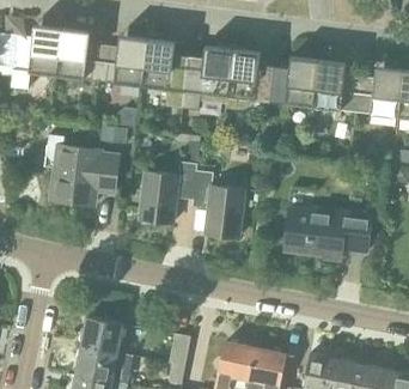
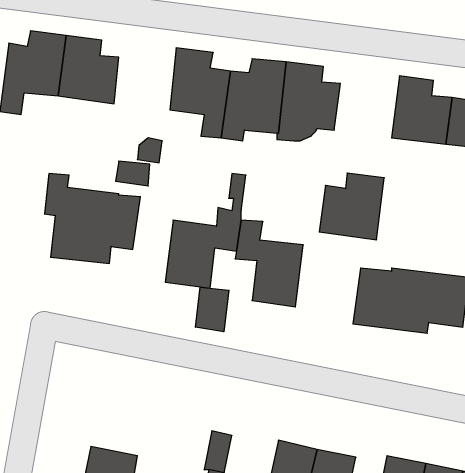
building: [99,36,147,86] -> none
building: [269,56,319,108] -> [319,173,384,240]
building: none -> [196,287,229,332]
building: [81,316,123,353] -> none

